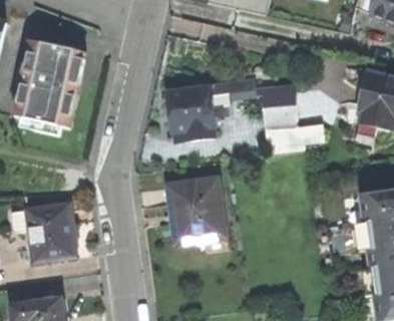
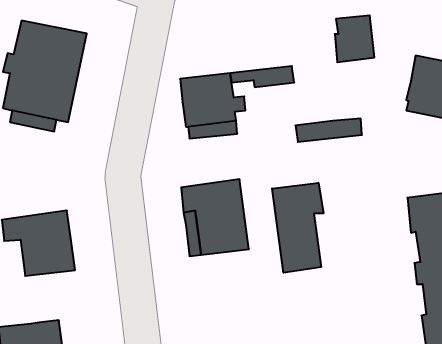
building: [264,89,298,129] -> [335,15,374,62]
building: none -> [272,183,323,273]

